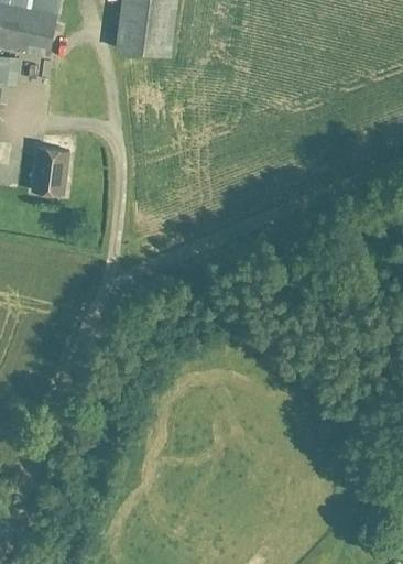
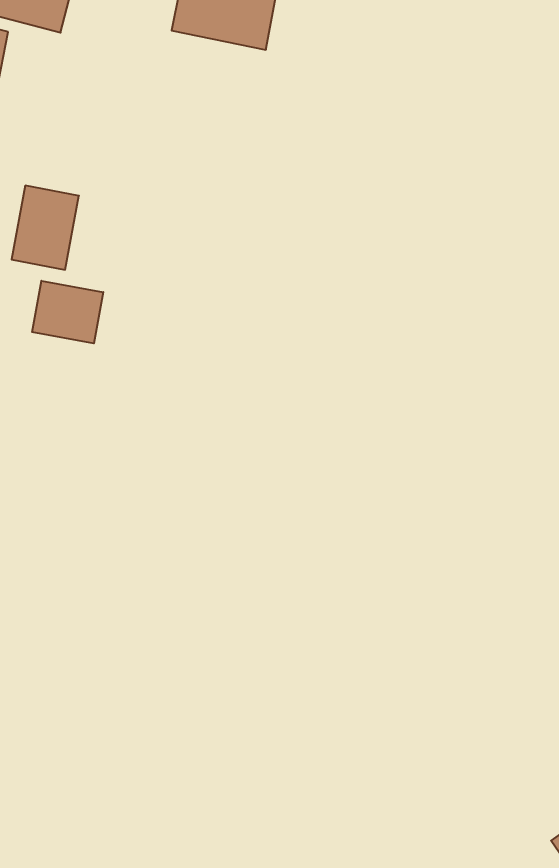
building: none -> [32,281,103,343]

